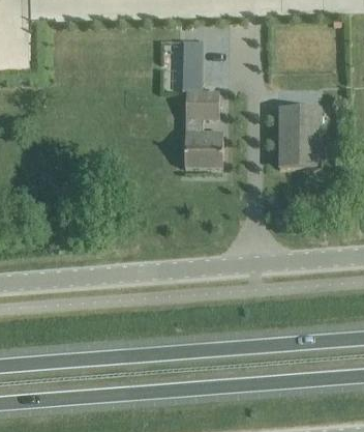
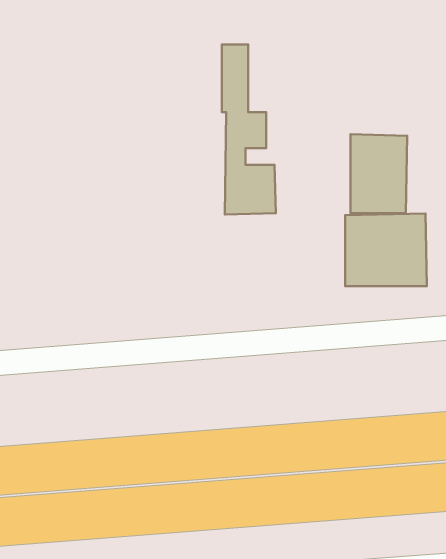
building: none -> [345,214,427,286]

